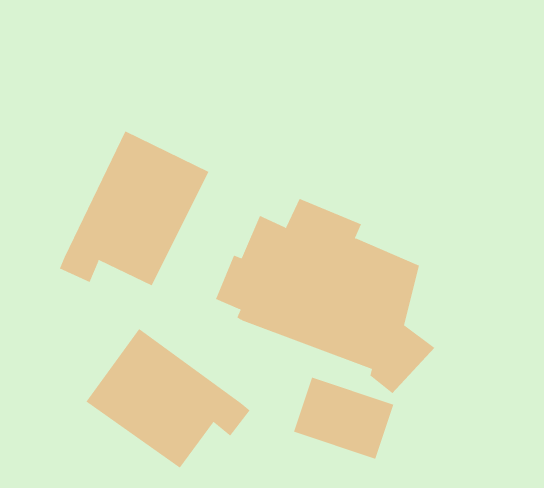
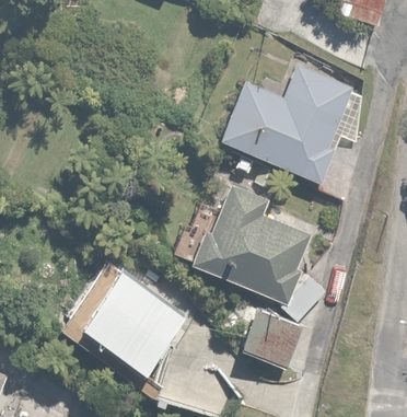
building: none -> [216,65,369,184]
building: [59,131,209,286] -> none

